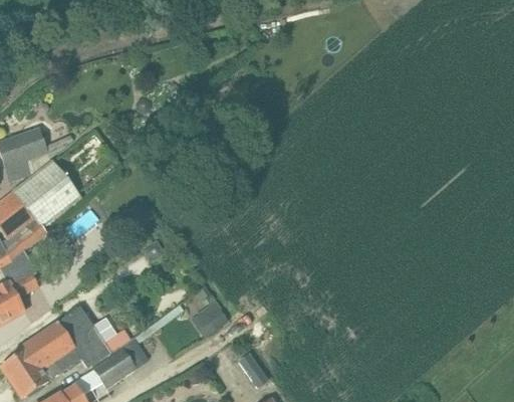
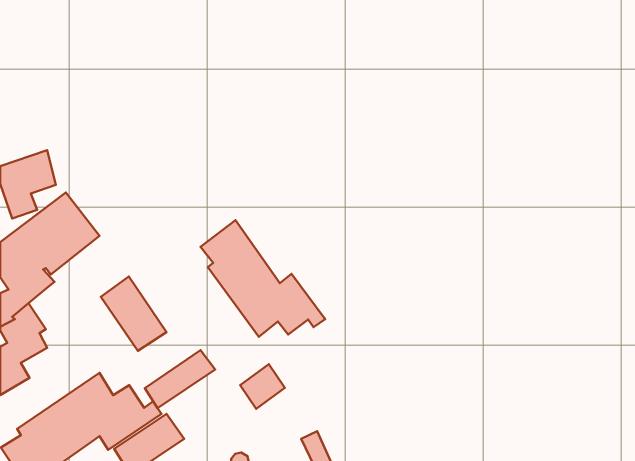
building: none -> [200,220,325,337]
building: none -> [101,277,166,351]
building: none -> [145,350,215,408]

